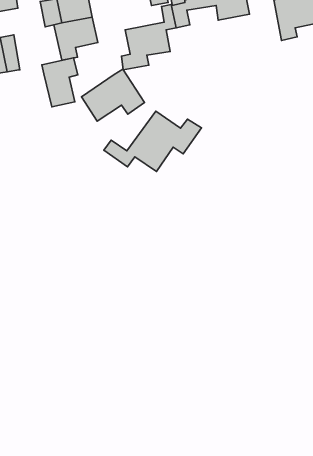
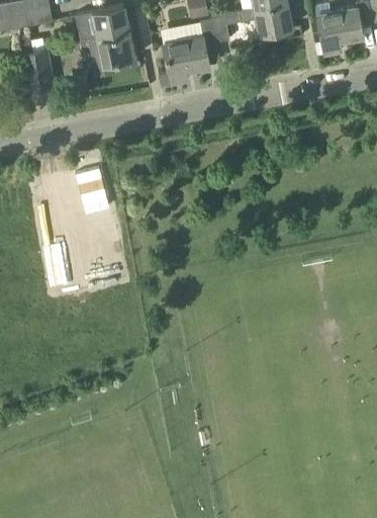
building: [42,58,78,107] -> none
building: [82,69,145,121] -> none
building: [104,111,202,171] -> none

